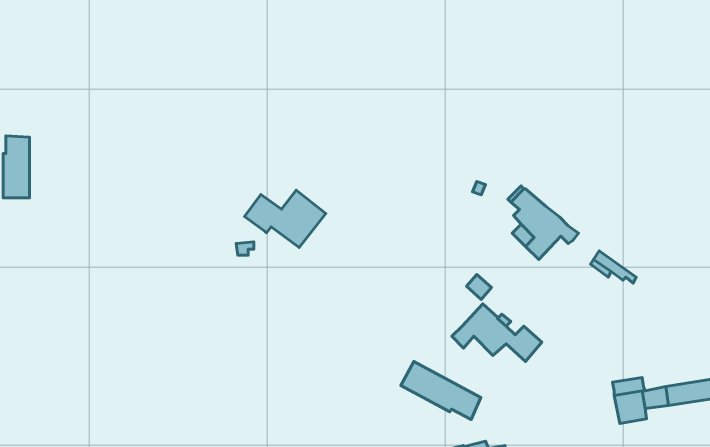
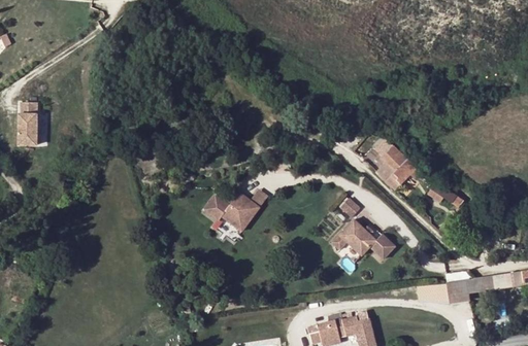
building: [245,190,326,248] -> [204,195,261,235]
building: [401,362,481,420] -> none

